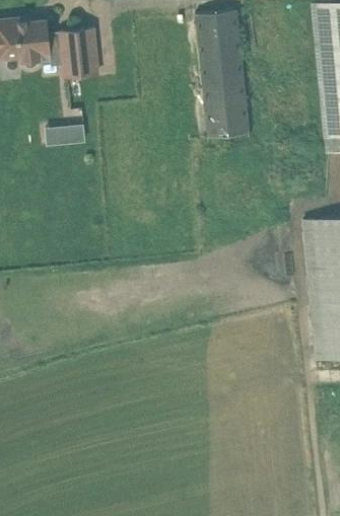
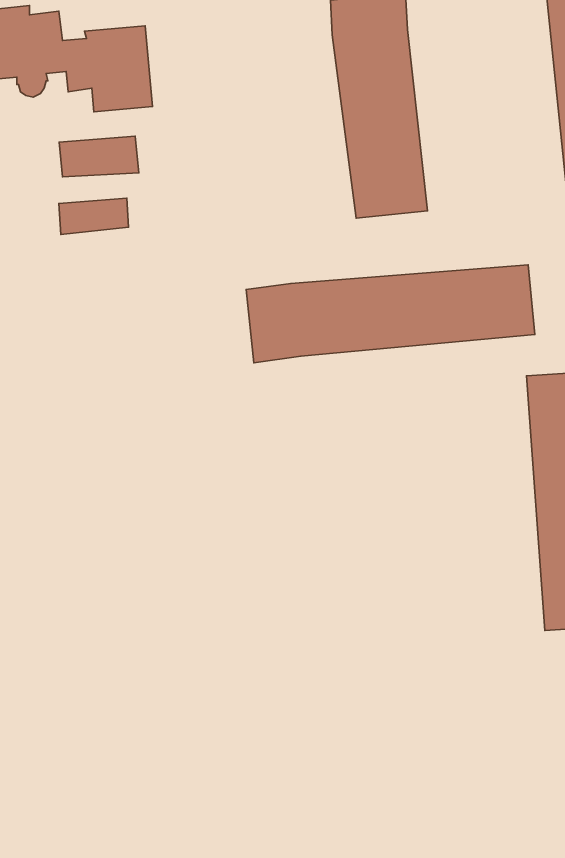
building: none -> [59,136,139,177]
building: none -> [246,265,535,363]

